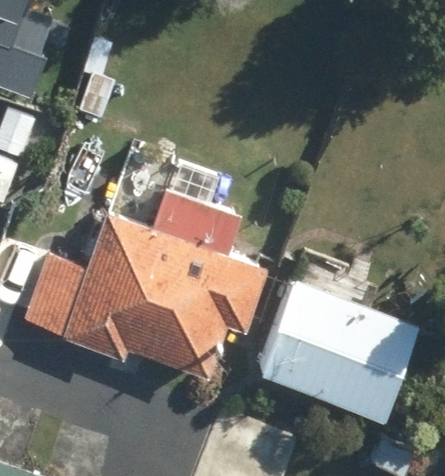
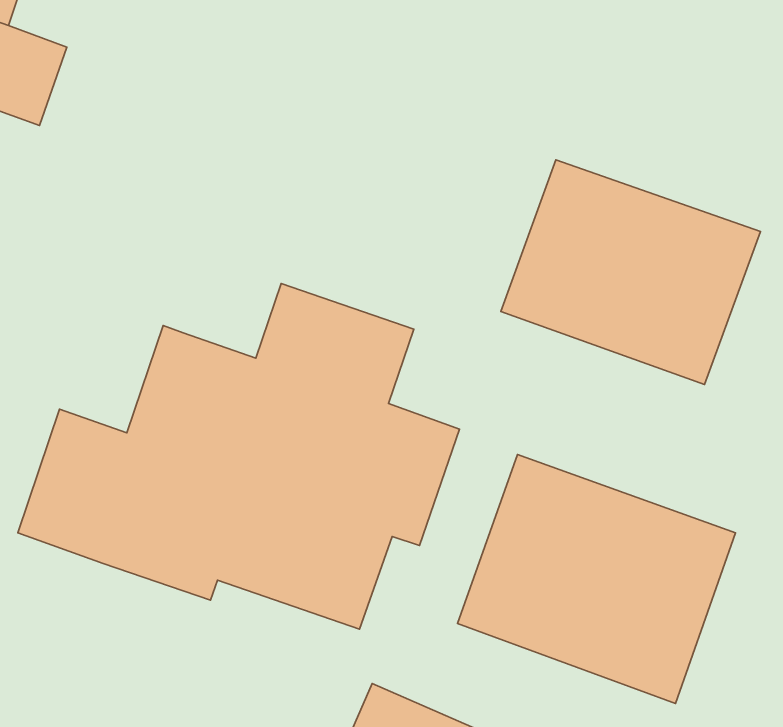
building: none -> [501,160,761,385]

